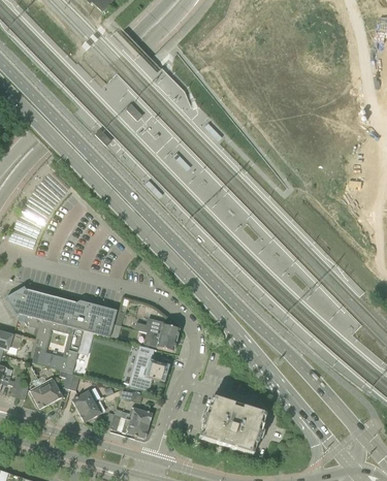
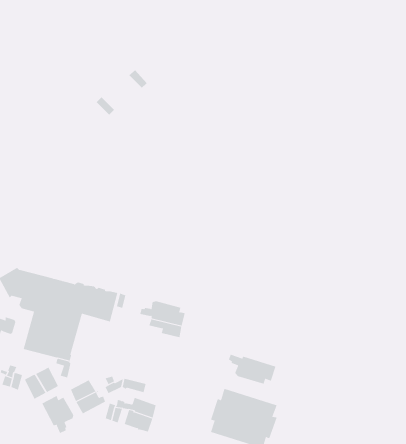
building: [132,346,169,388] -> none
building: none -> [228,354,276,385]
building: none -> [41,395,74,434]

